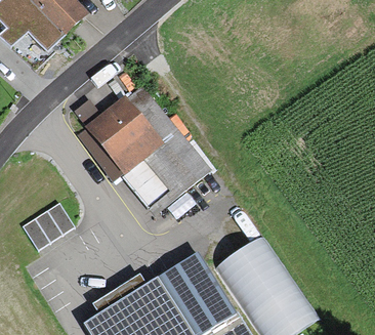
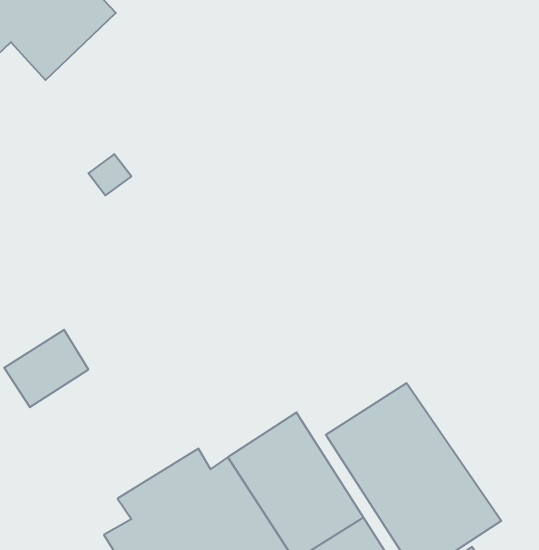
building: [82,82,210,216] -> none

